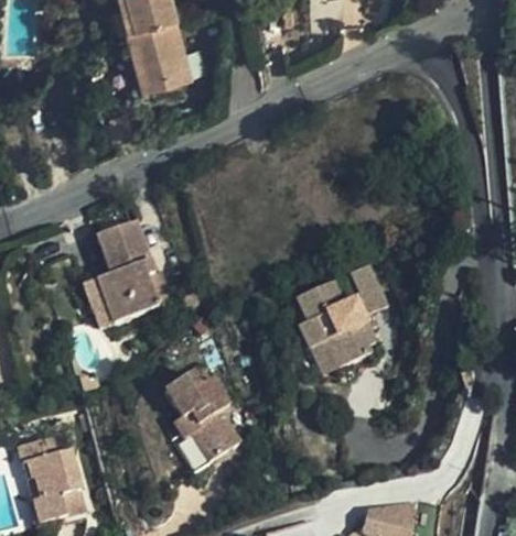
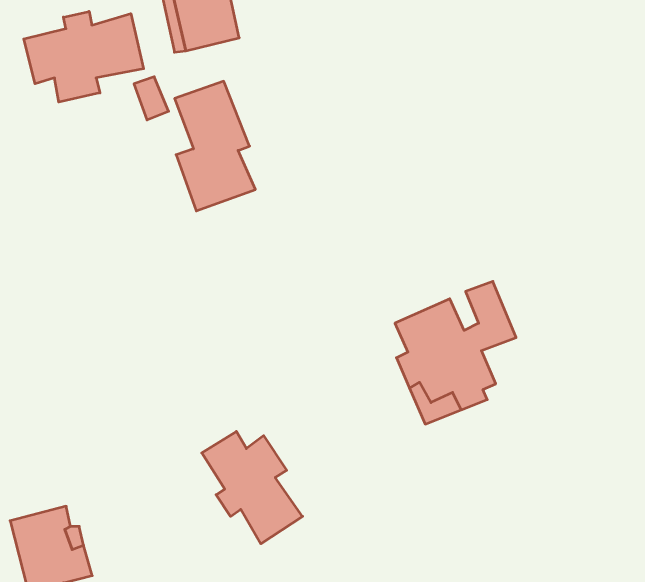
building: none -> [24,11,144,102]
building: [96,221,158,320] -> [175,81,255,211]

